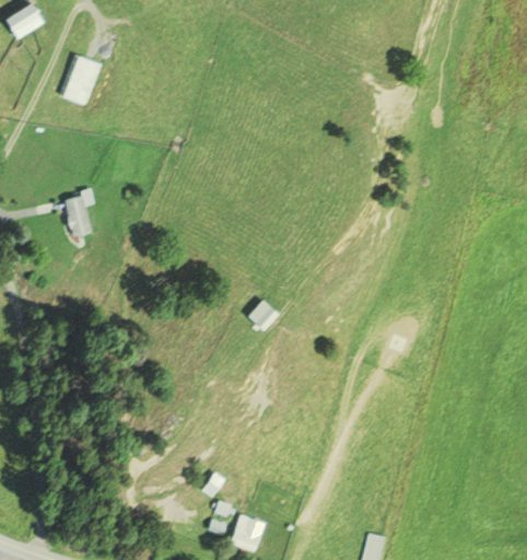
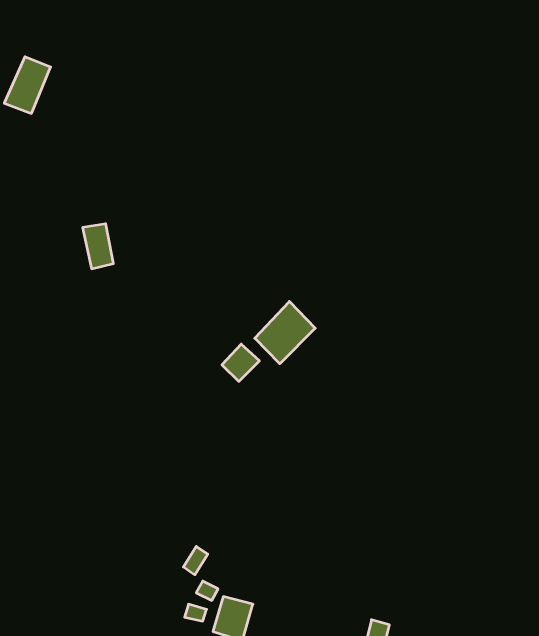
building: [67,197,93,235] -> [83,224,113,269]
building: none -> [255,301,315,364]

